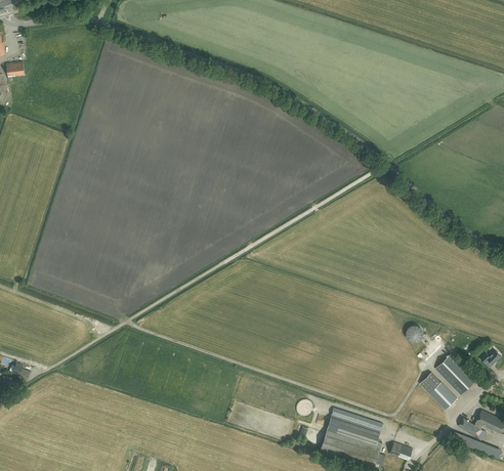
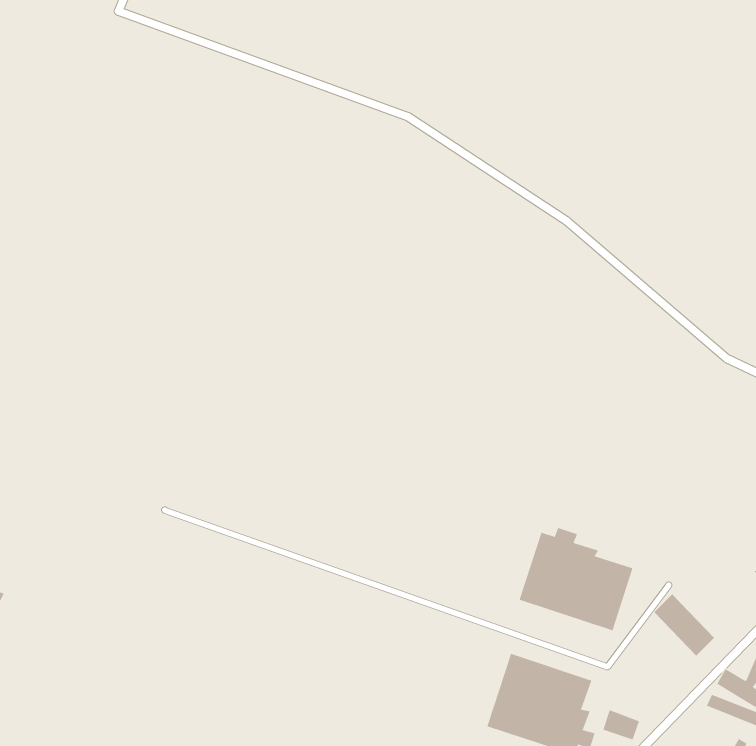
building: none -> [519,527,633,631]
building: [435,352,476,393] -> none

